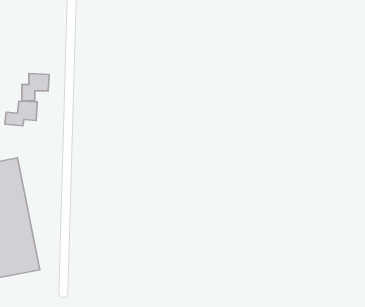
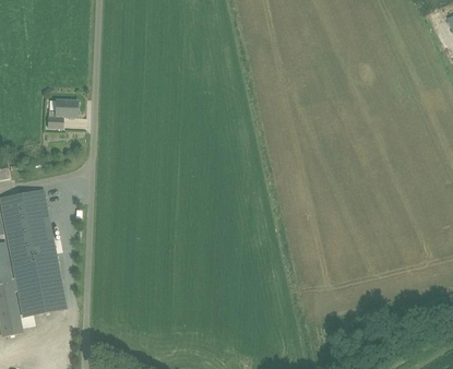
building: [5,101,37,126] -> none

